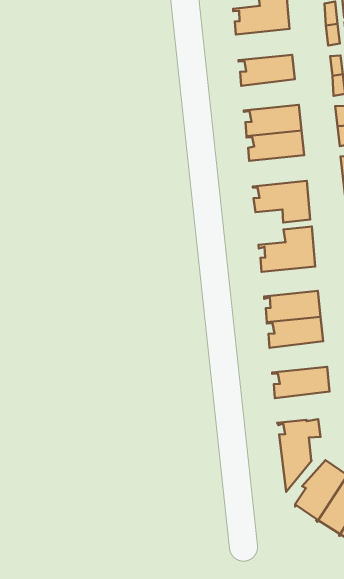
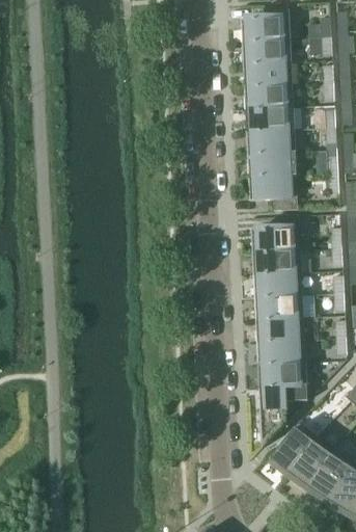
building: none -> [242,41,291,65]
building: none -> [244,85,294,110]
building: none -> [247,153,297,178]
building: none -> [252,251,301,275]
building: none -> [255,318,305,343]
building: none -> [257,363,307,402]

